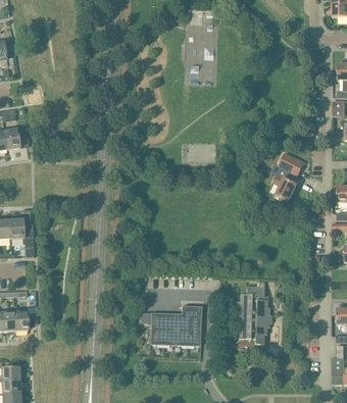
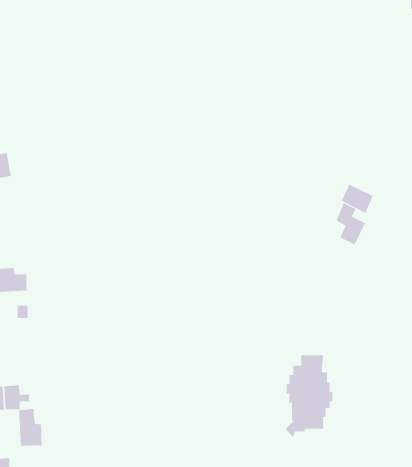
building: [150,305,201,346] -> none
building: none -> [19,408,42,447]

